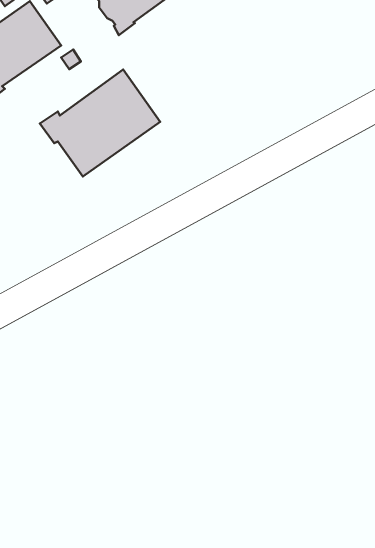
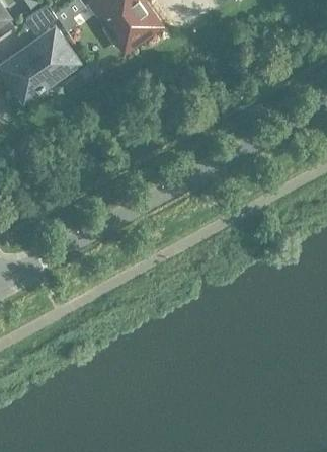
building: [40,70,160,177] -> none

